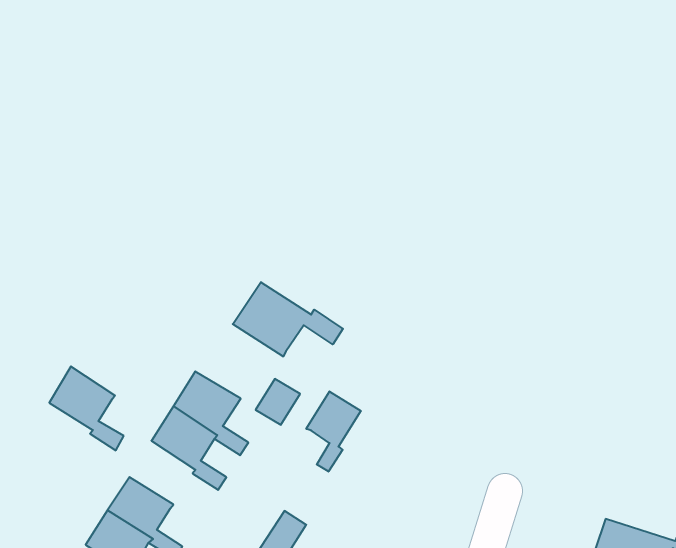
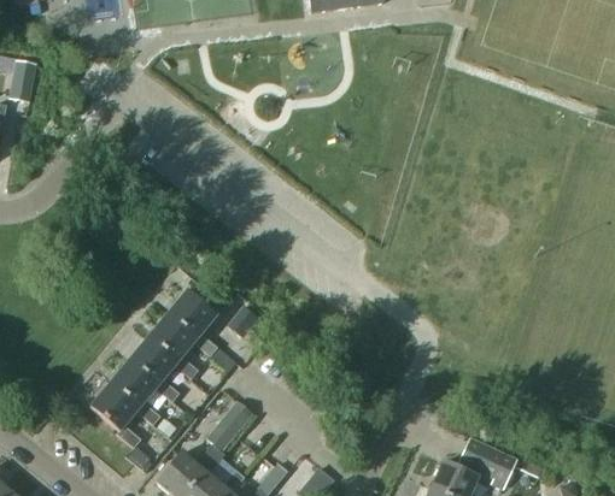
building: [233,282,343,357] -> none
building: [49,366,124,450] -> [129,336,180,401]
building: [306,391,361,472] -> none

